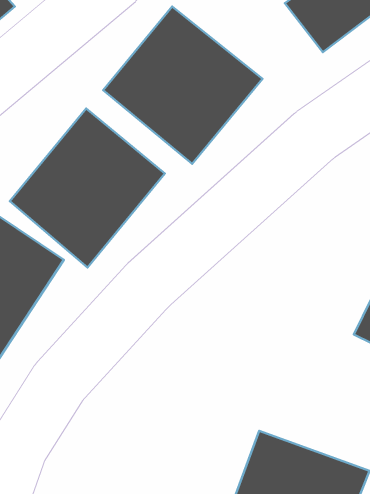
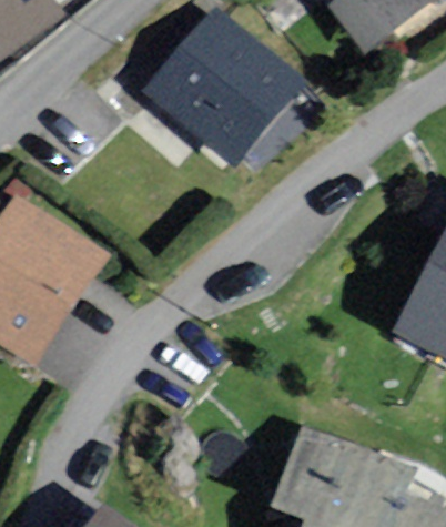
building: [10,109,165,268] -> none

